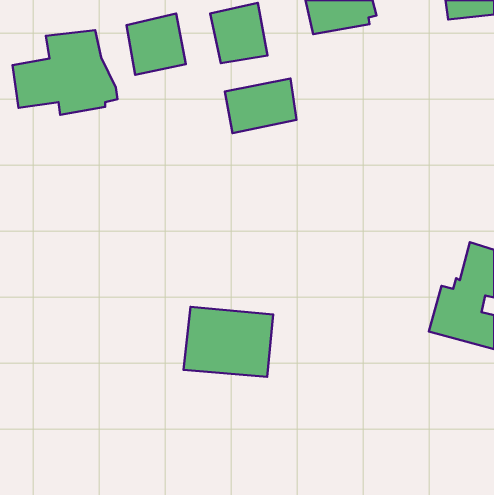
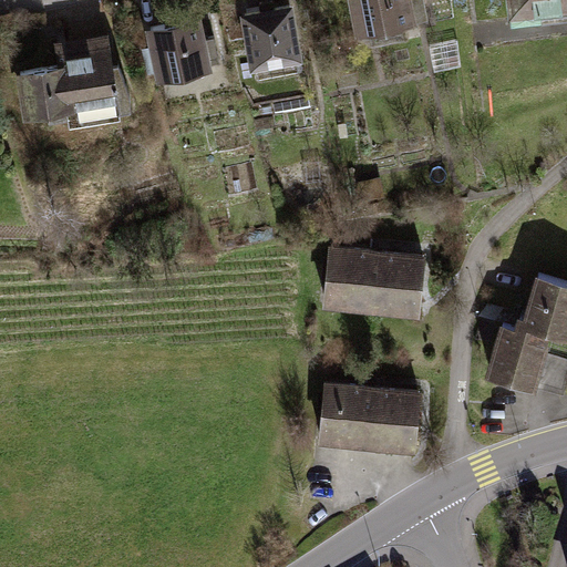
building: [225,79,297,133] -> none
building: none -> [321,240,421,310]
building: [184,307,273,377] -> [318,375,420,455]

